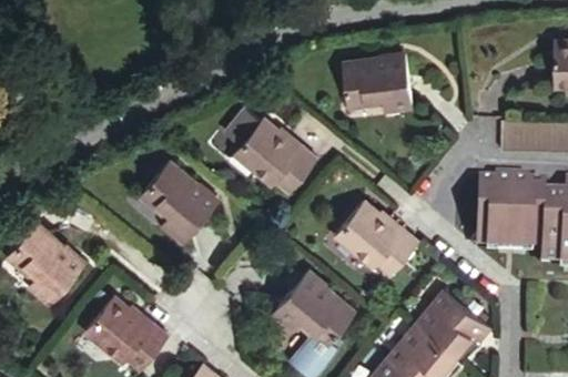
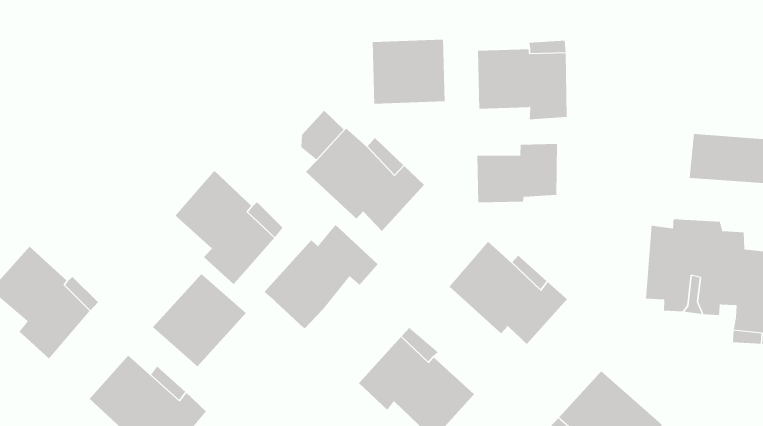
building: none -> [372,39,445,104]
building: none -> [477,143,557,203]
building: none -> [263,224,379,329]
building: none -> [152,273,247,367]

